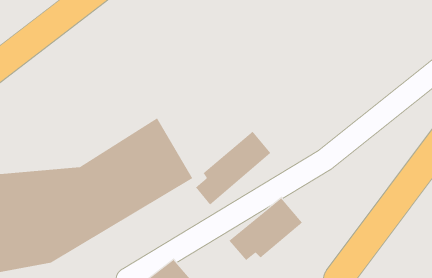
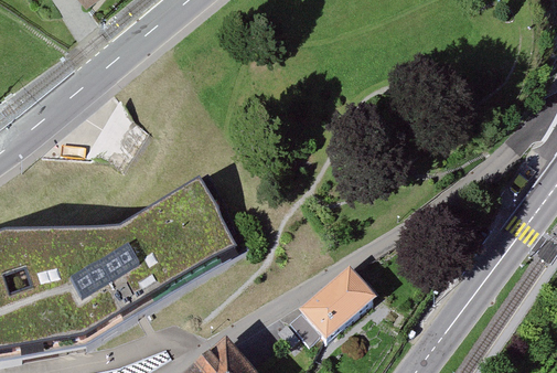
building: [195,131,271,206] -> none

